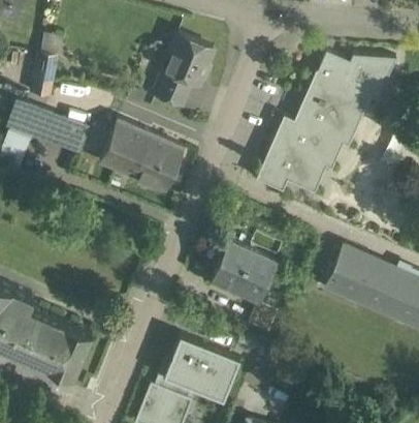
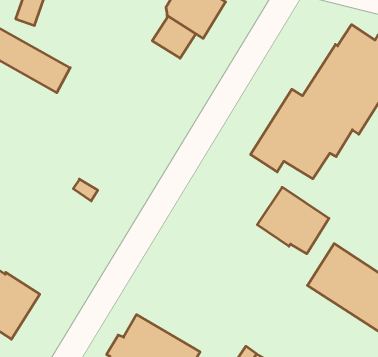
building: [100,119,185,191] -> none
building: [213,241,275,296] -> [257,187,329,254]
building: [249,302,279,332] -> none

